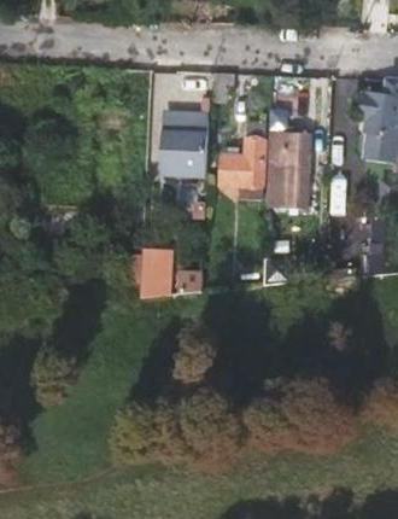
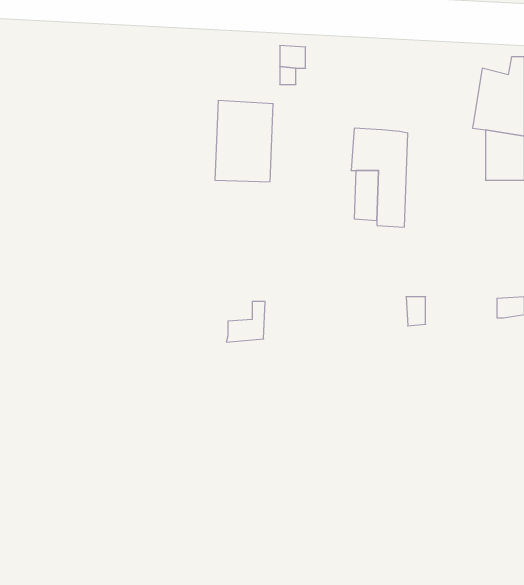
building: [220,122,263,198] -> none
building: [144,249,176,288] -> none

